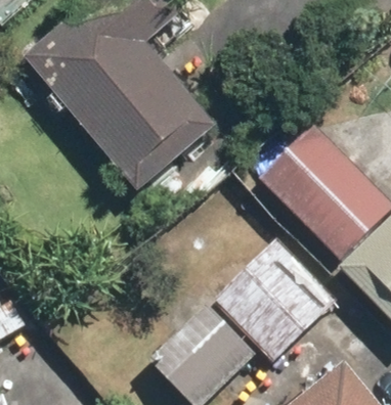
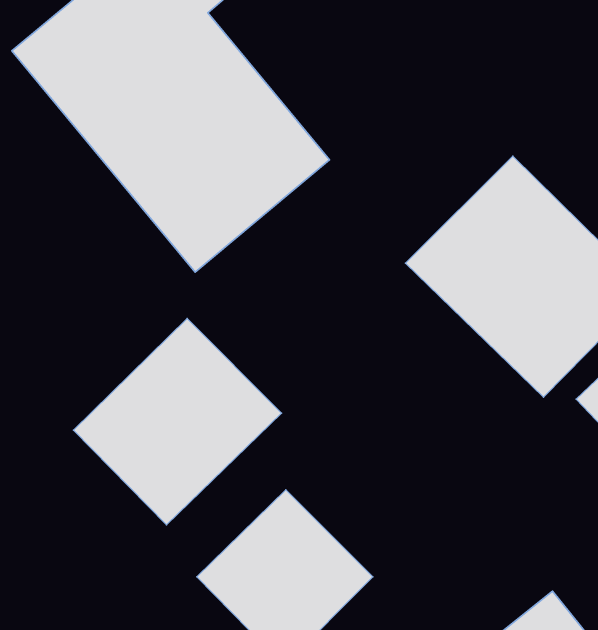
building: none -> [73,318,282,525]
building: [211,234,327,350] -> none

